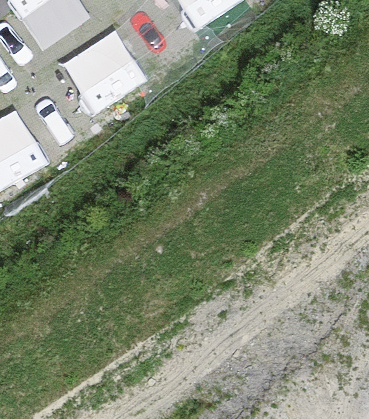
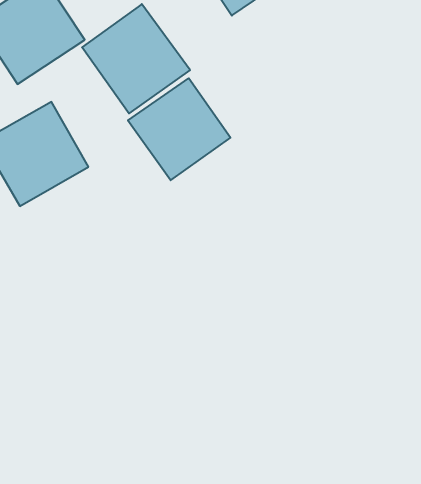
building: none -> [128,78,230,180]

